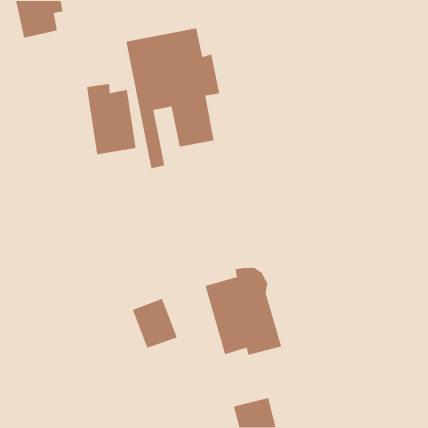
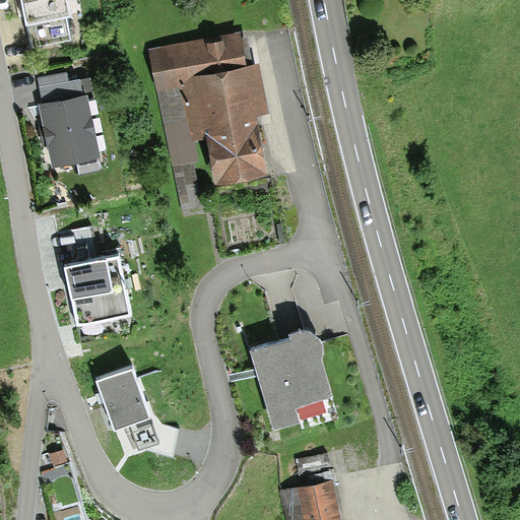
building: [86,83,137,155] -> [38,76,99,164]
building: none -> [63,258,129,325]
building: [132,298,178,349] -> [91,367,147,429]

